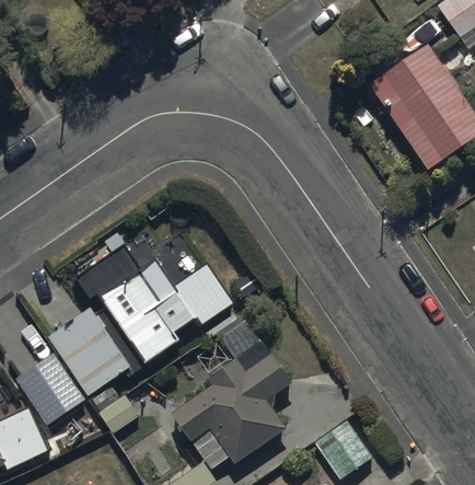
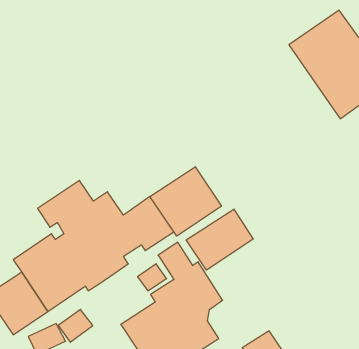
building: none -> [150,167,221,236]
building: none -> [186,209,253,270]

